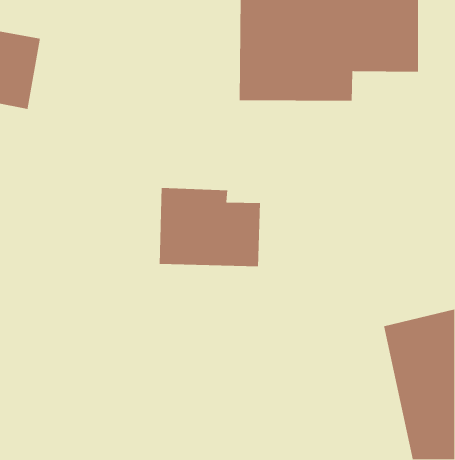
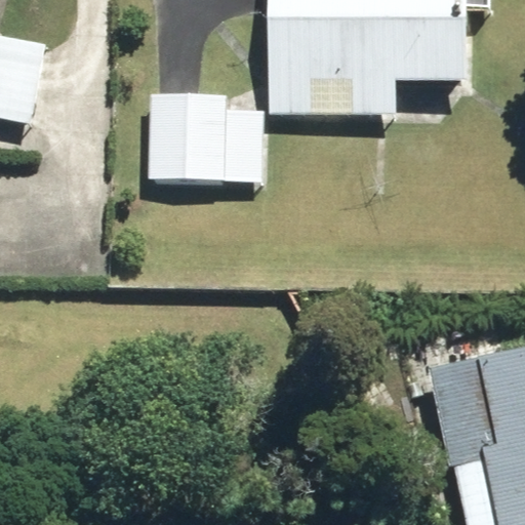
building: [159,187,261,267] -> [148,93,262,184]

